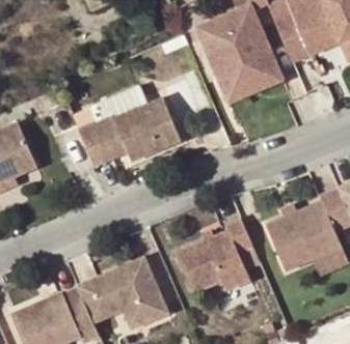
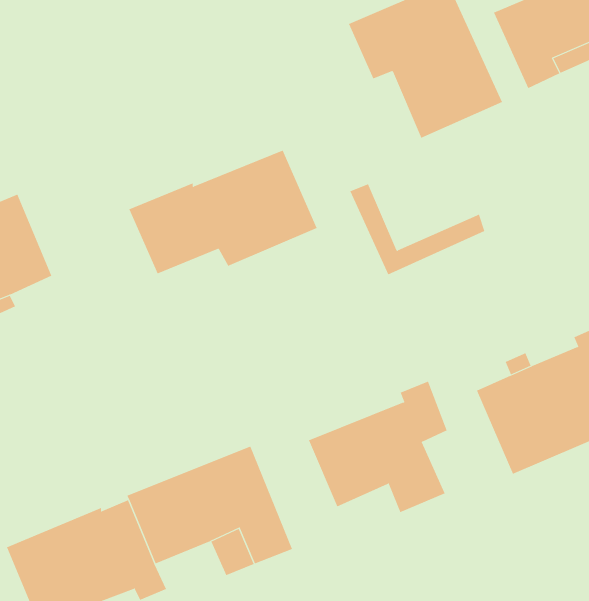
building: [209,54,282,104] -> [350,183,485,275]

